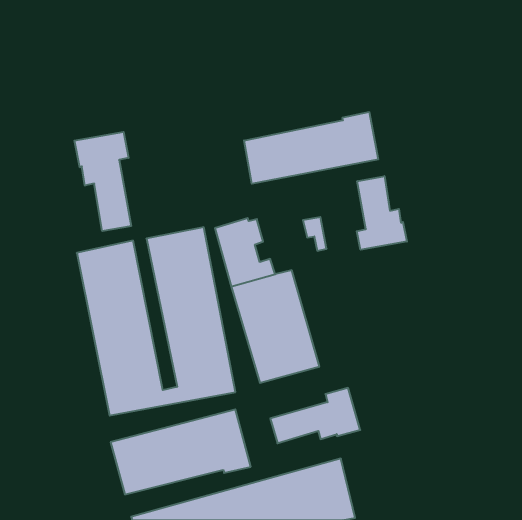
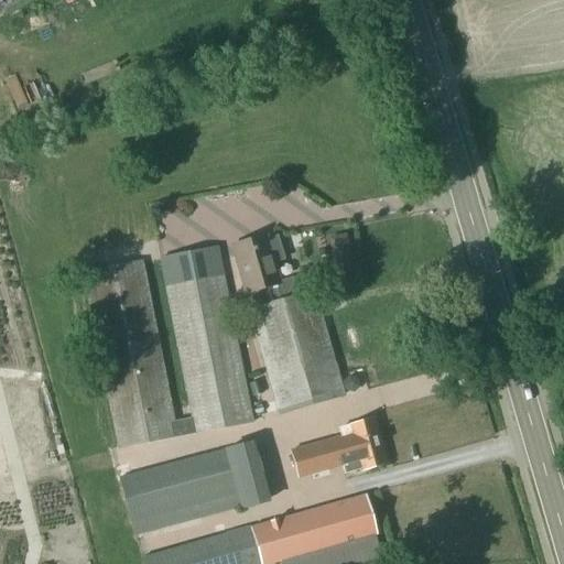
building: [244,112,378,184] -> none
building: [74,132,131,231] -> none
building: [357,176,407,250] -> none

